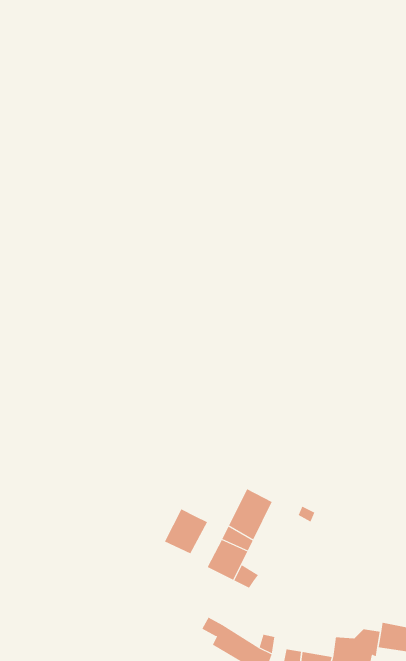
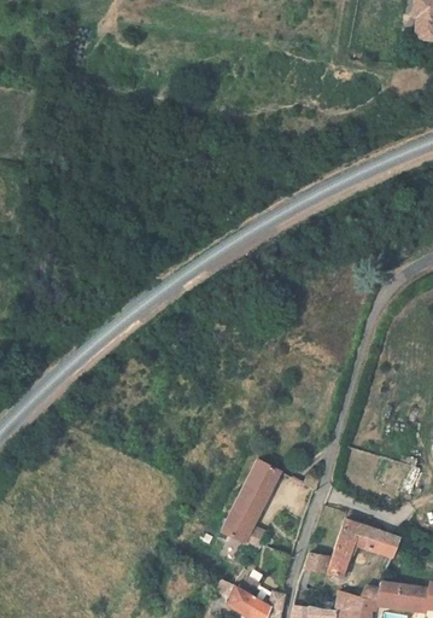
building: [164,508,208,554] -> none
building: none -> [303,523,397,579]

